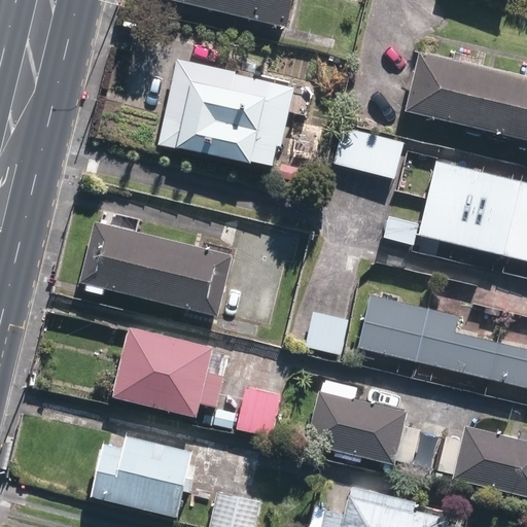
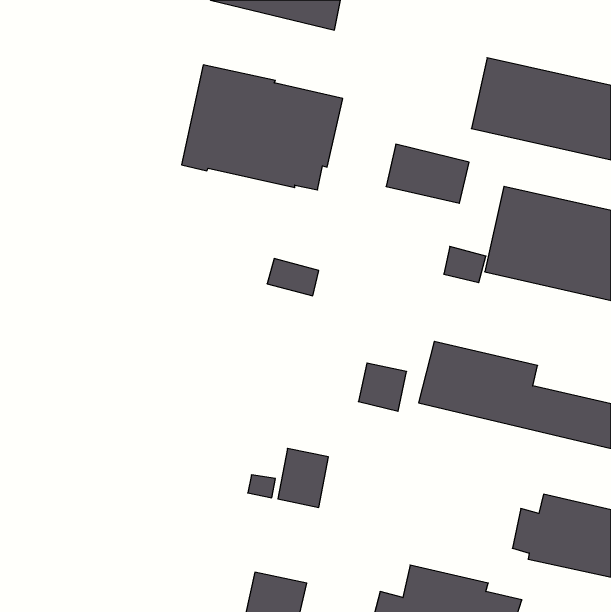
building: [81,221,236,316] -> none
building: [114,325,226,417] -> none
building: [308,390,422,465] -> none
building: [93,437,197,517] -> none

